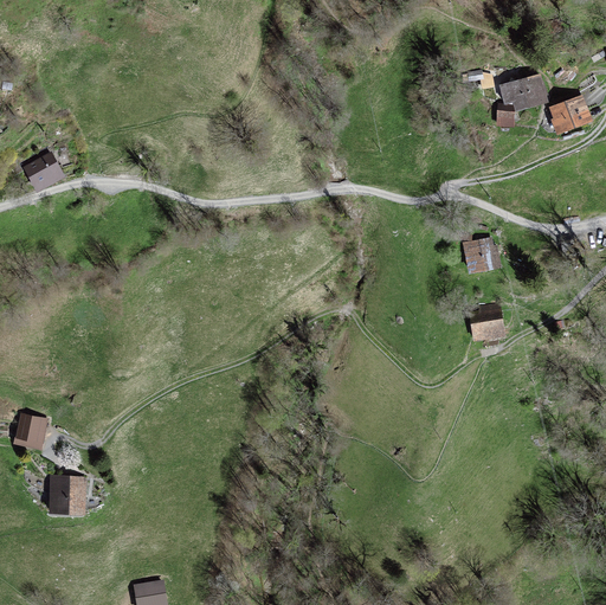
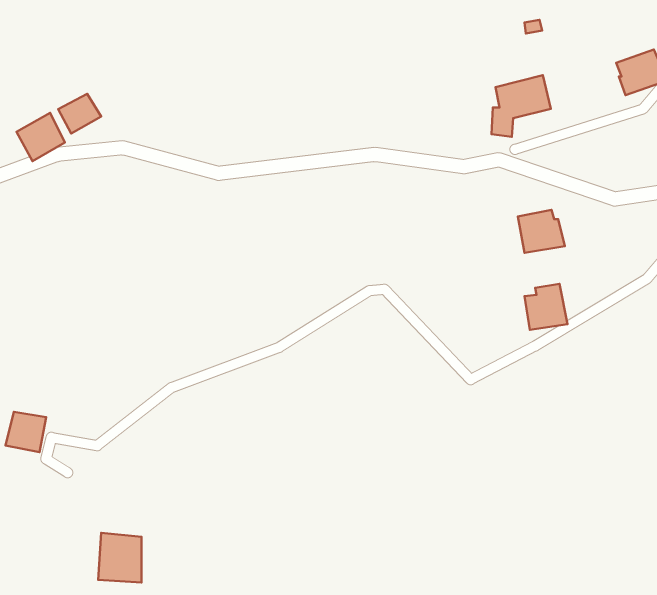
building: [496,73,548,128] -> [491,75,551,137]
building: none -> [58,94,101,133]
building: [49,472,86,516] -> [98,533,141,583]

